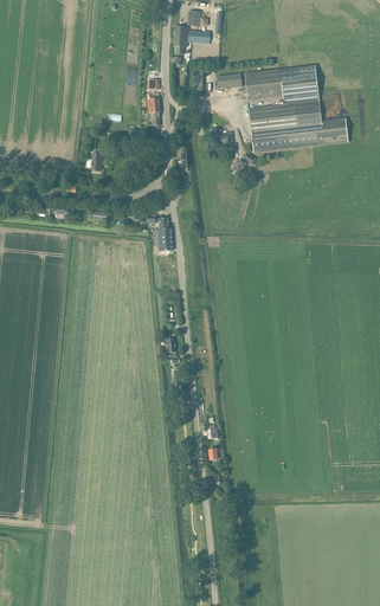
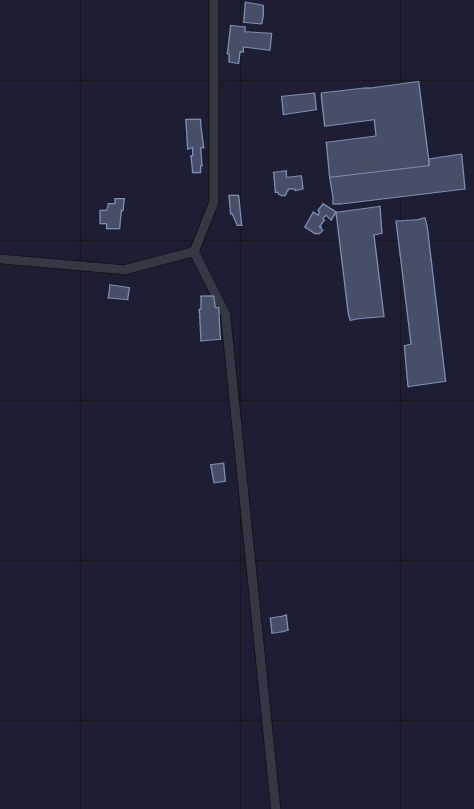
building: none -> [336,206,384,321]
building: none -> [396,218,445,387]

